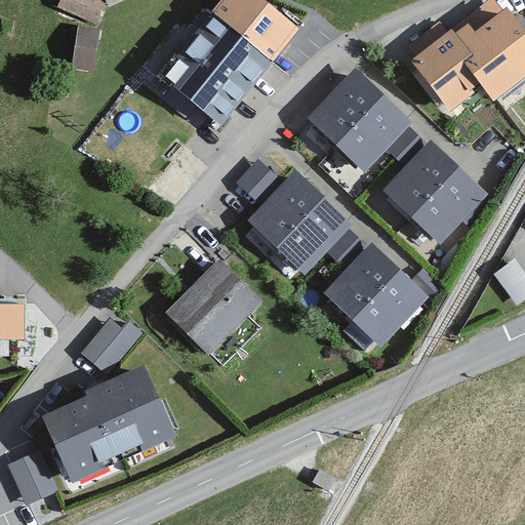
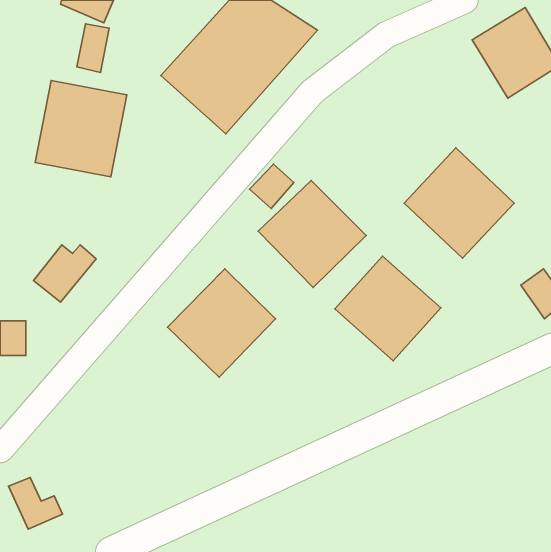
building: [403,35,474,112] -> none
building: [310,70,411,171] -> none
building: none -> [35,80,127,177]
building: [84,320,144,374] -> [34,245,96,302]
building: [42,367,175,480] -> none

